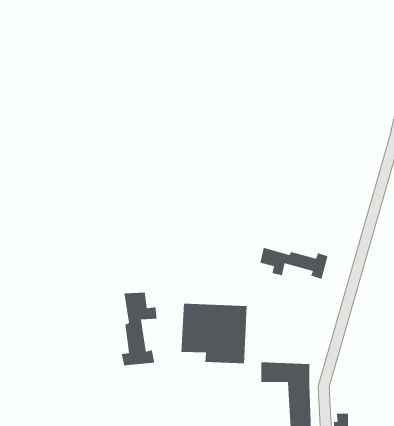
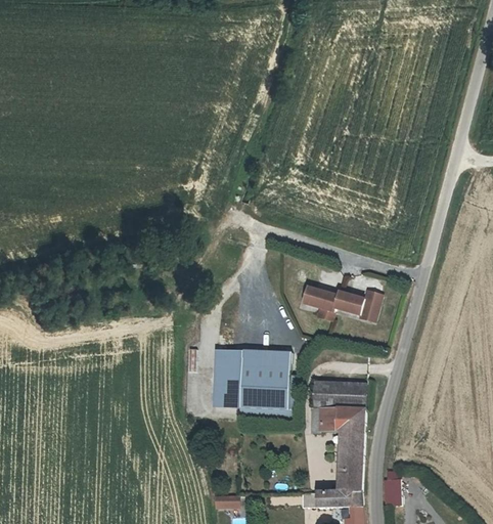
building: [121,292,158,366] -> none
building: none -> [305,386,360,414]

